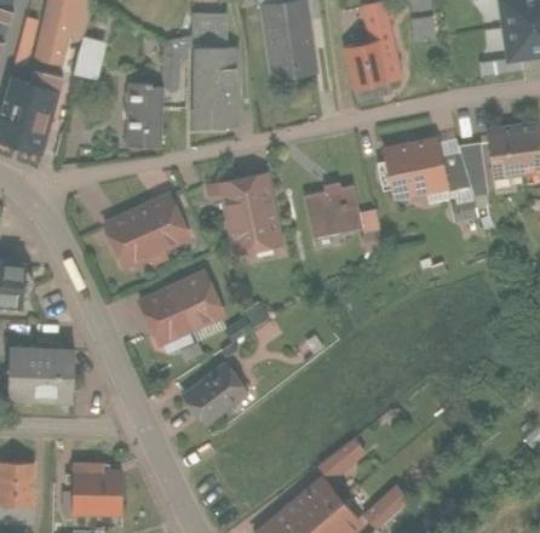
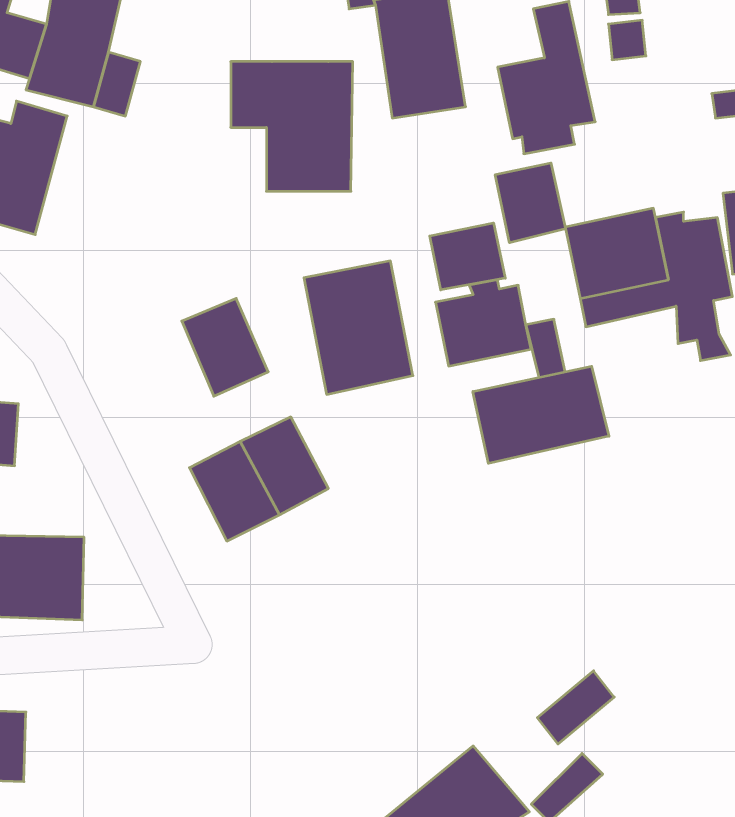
building: [193,11,229,41] -> none
building: [127,84,165,144] -> none
building: none -> [495,163,566,243]
building: none -> [430,223,505,290]
building: [100,208,155,271] -> none
building: none -> [473,366,609,463]
building: [180,365,248,429] -> none
building: [314,435,363,482] -> [537,671,614,744]
building: [69,464,120,512] -> none

